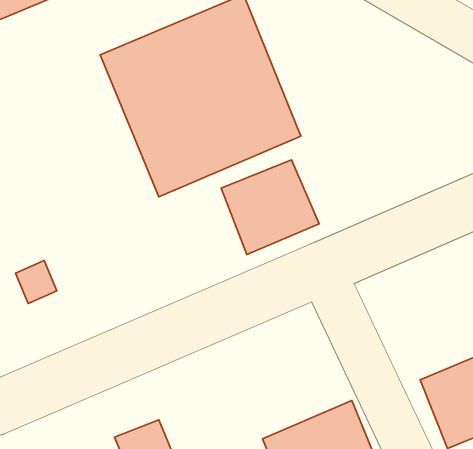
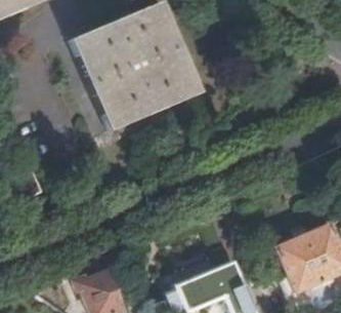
building: [221,160,319,254] -> none

